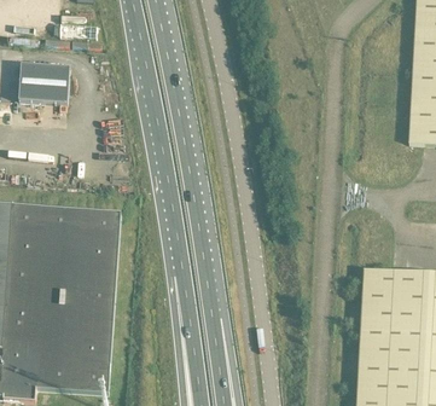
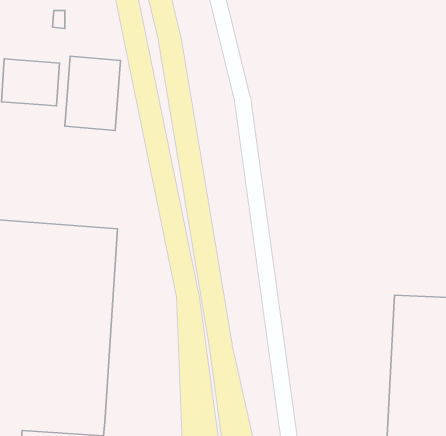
building: none -> [65,56,121,130]

